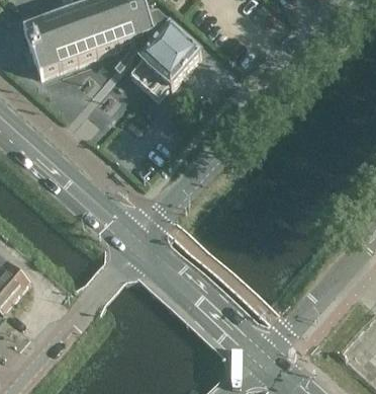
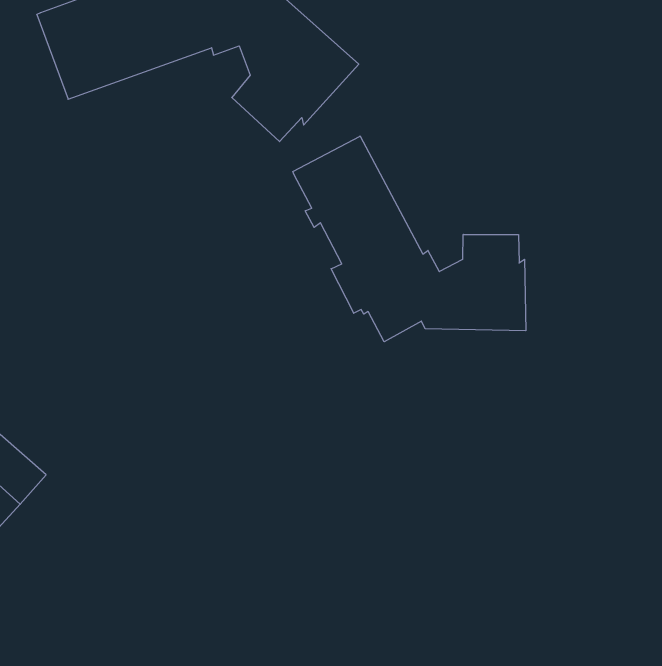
building: none -> [293,136,526,342]

